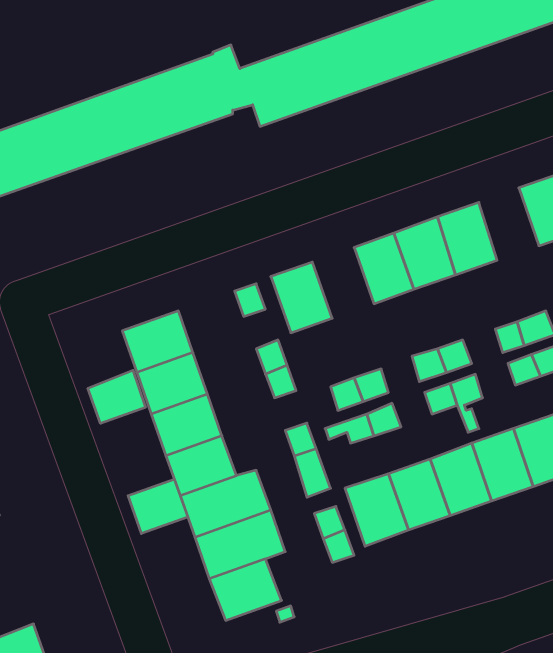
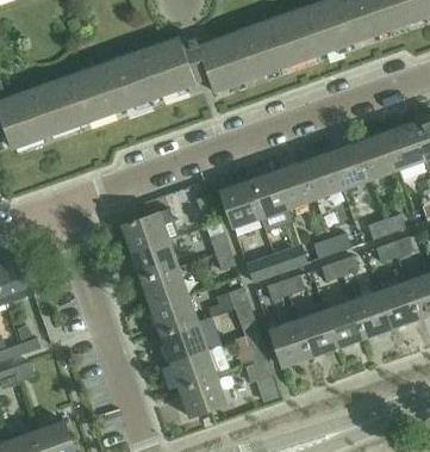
building: none -> [356,131,395,179]
building: none -> [247,171,287,217]
building: [88,370,145,423] -> none
building: [128,479,188,534] -> none

